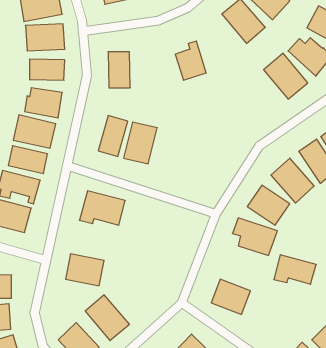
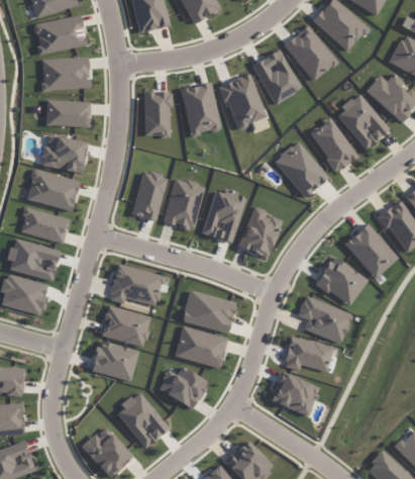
building: none -> [251,50,300,103]
building: none -> [180,82,219,135]
building: none -> [308,117,356,172]
building: none -> [273,140,327,197]
building: none -> [201,189,245,242]
building: none -> [236,205,281,257]
building: none -> [180,290,234,332]
building: none -> [99,305,150,347]
building: none -> [173,325,226,368]
building: [274,255,316,284] -> [282,336,334,372]
building: none -> [157,366,207,408]

